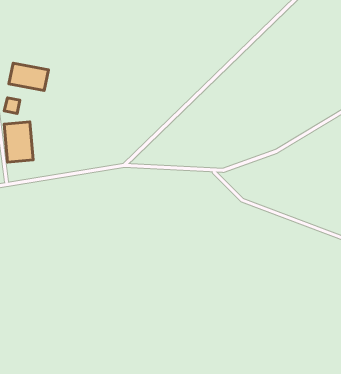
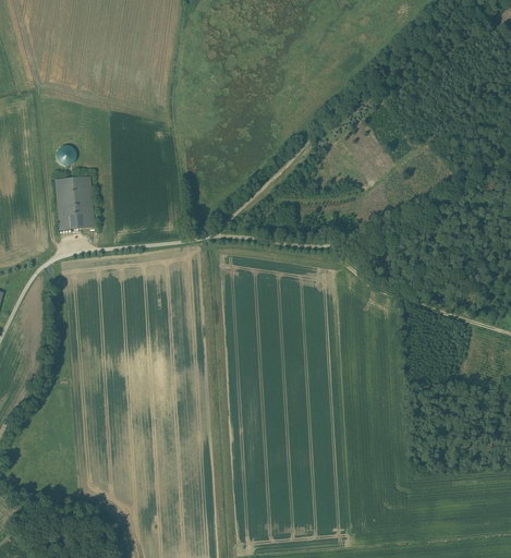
building: [9,63,48,91] -> none

